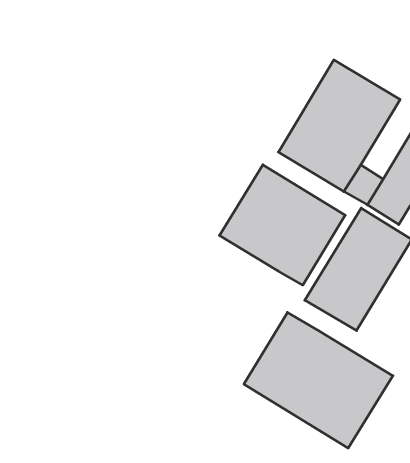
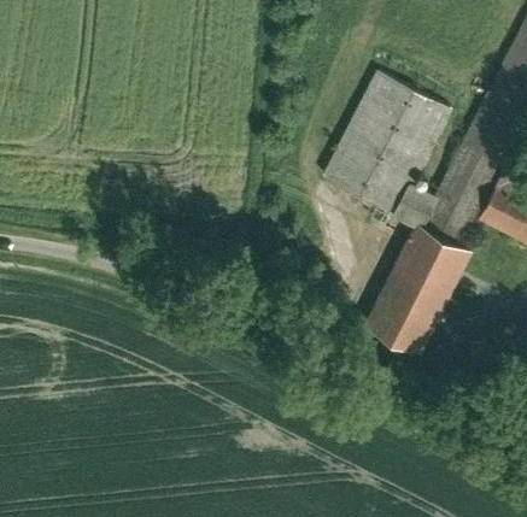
building: [219,165,345,285] -> none
building: [244,312,393,448] -> none

